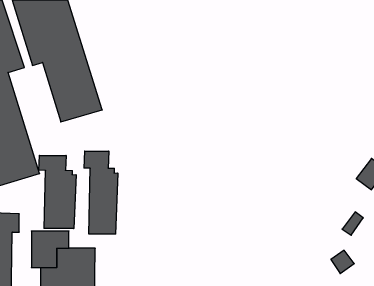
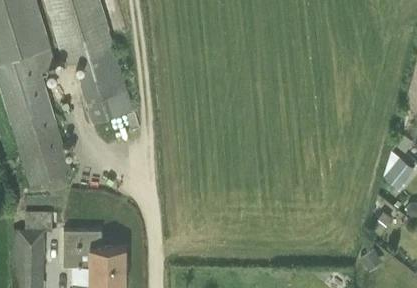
building: [84,151,118,234] -> none
building: [39,155,76,229] -> none

